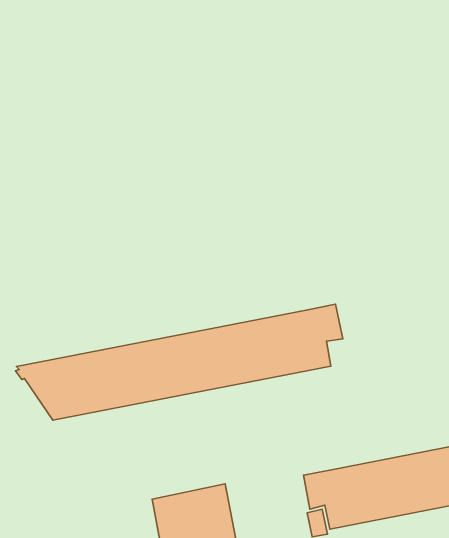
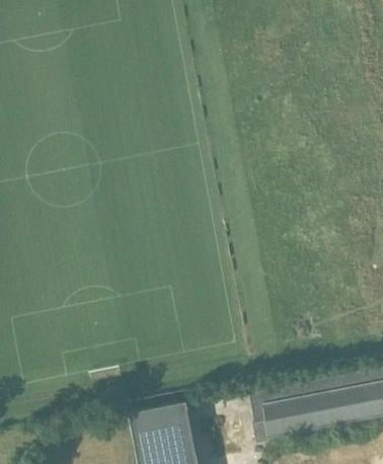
building: [16,304,343,420] -> none

